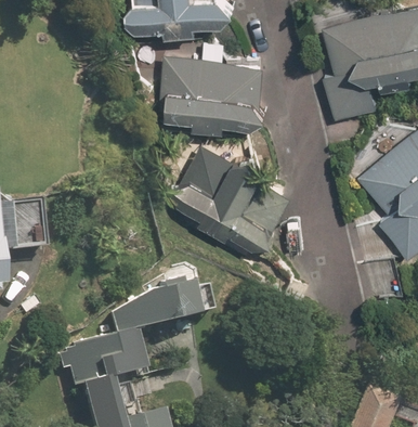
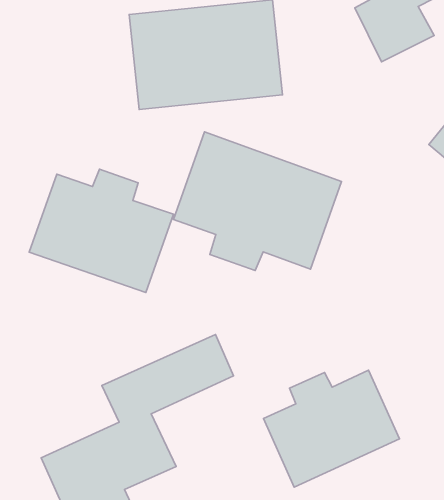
building: none -> [29,169,173,292]
building: none -> [263,370,399,487]

